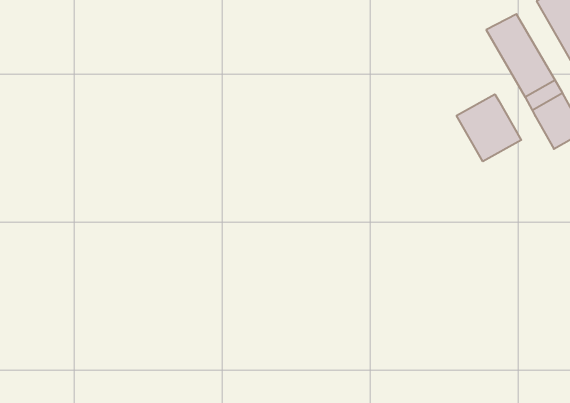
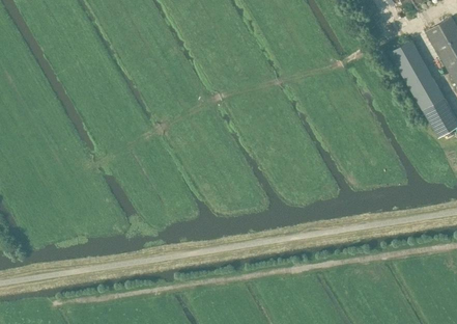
building: [457,94,521,161] -> none

